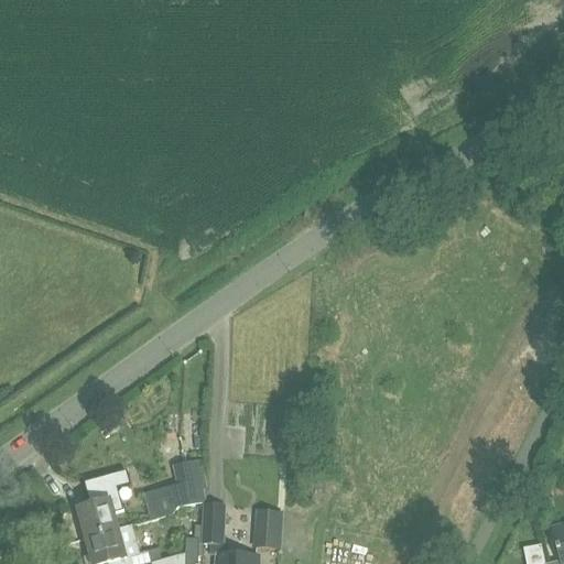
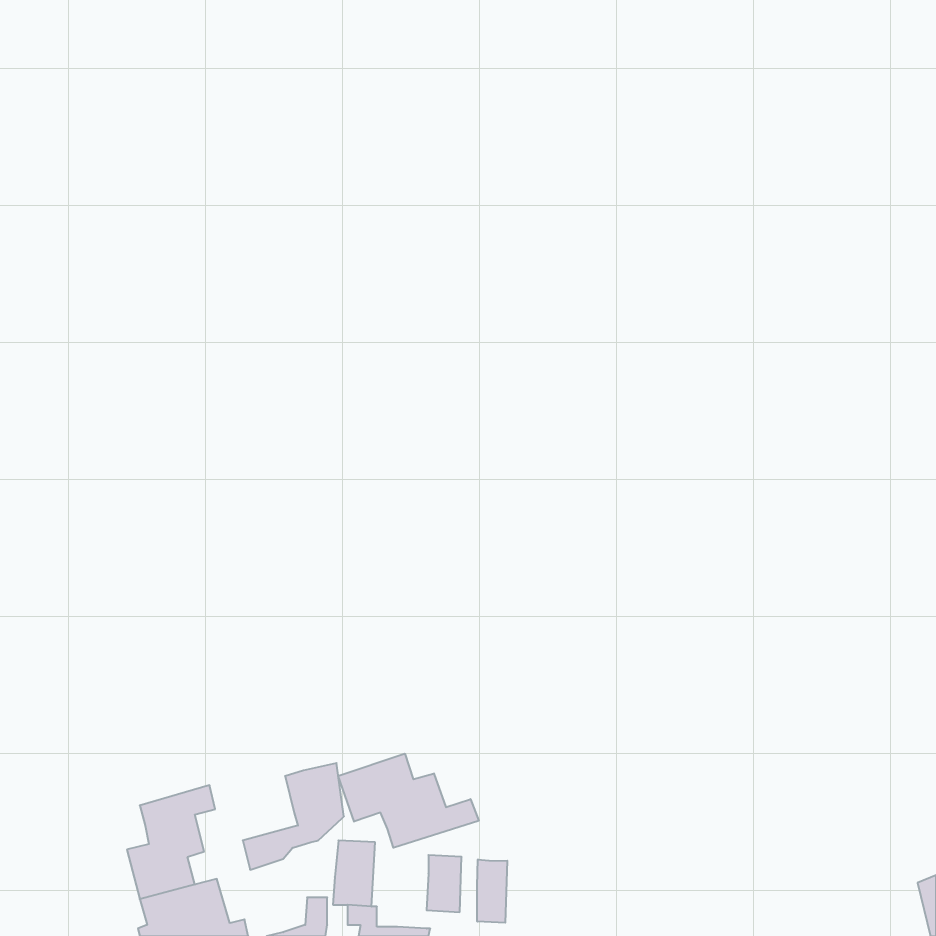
building: none -> [338,754,479,848]
building: none -> [477,859,507,923]

